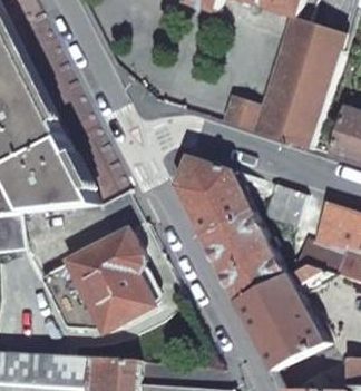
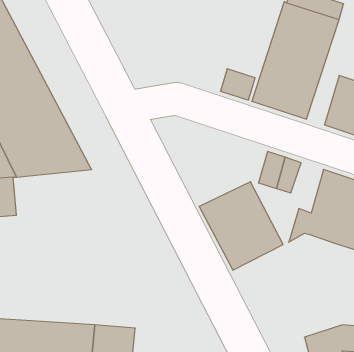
building: [175,156,253,237] -> none
building: [36,229,152,330] -> none
building: [235,264,336,371] -> none

